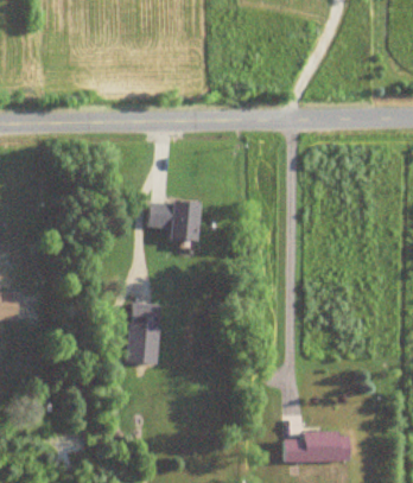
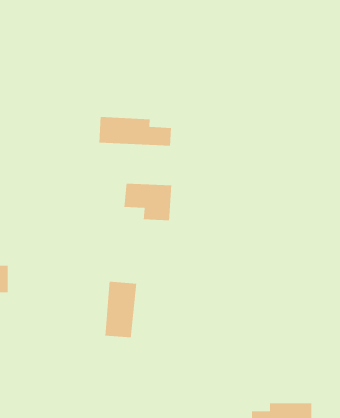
building: none -> [98,116,172,147]

